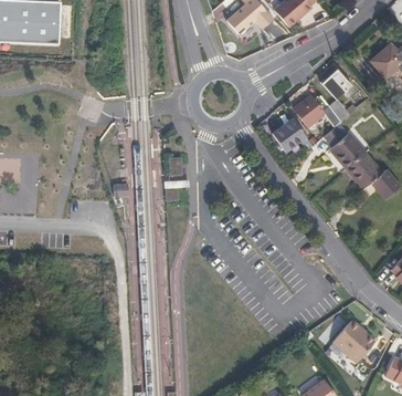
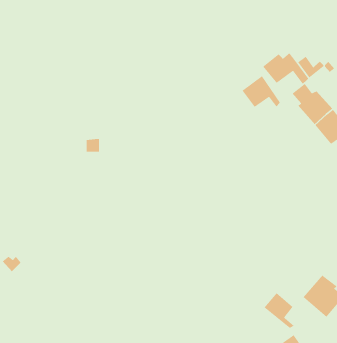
building: [321,69,351,98] -> none
building: none -> [264,292,295,329]

